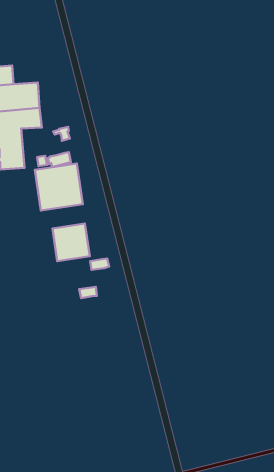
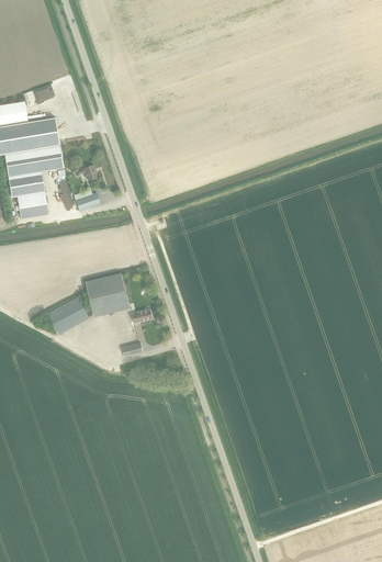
building: [35,163,83,210] -> none
building: none -> [49,296,92,333]

